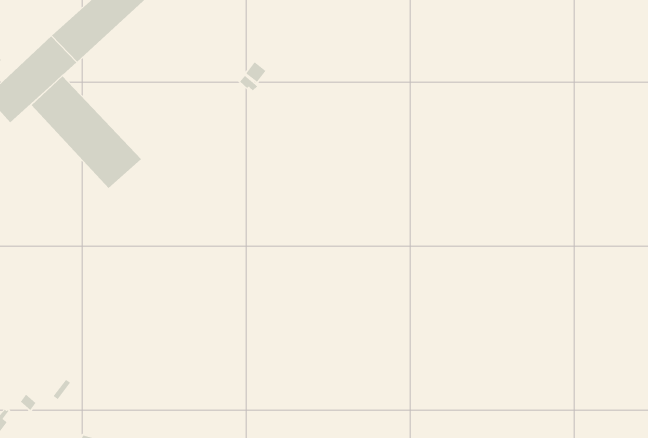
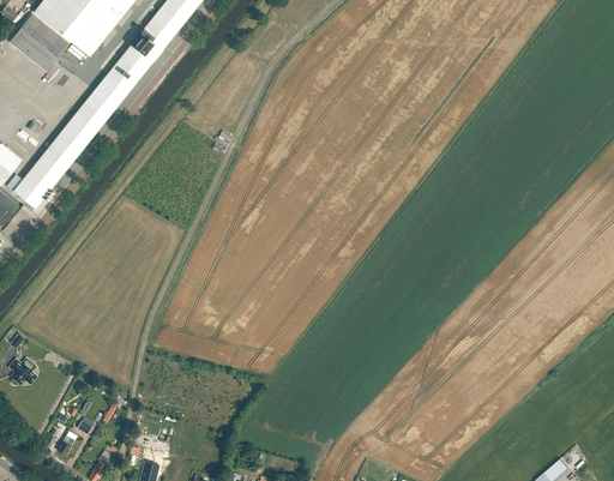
building: [31,76,142,189] -> none

